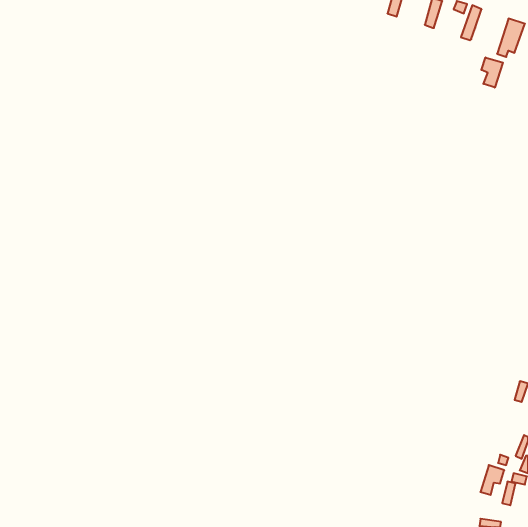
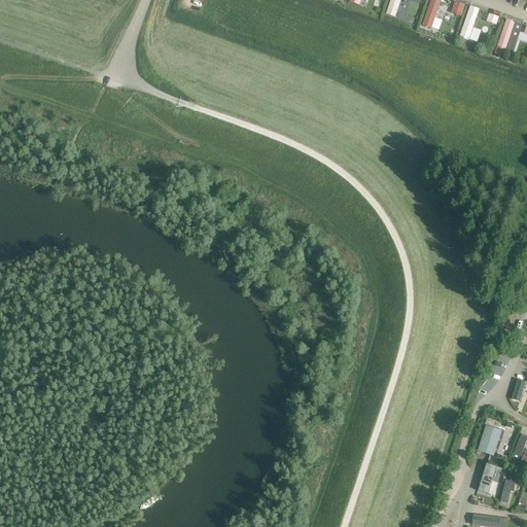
building: [481,57,503,88] -> none
building: none -> [478,426,501,456]

